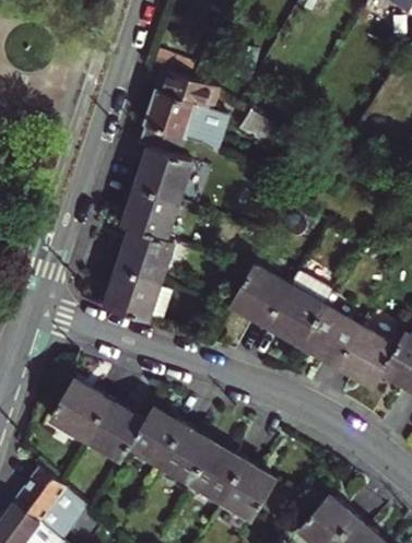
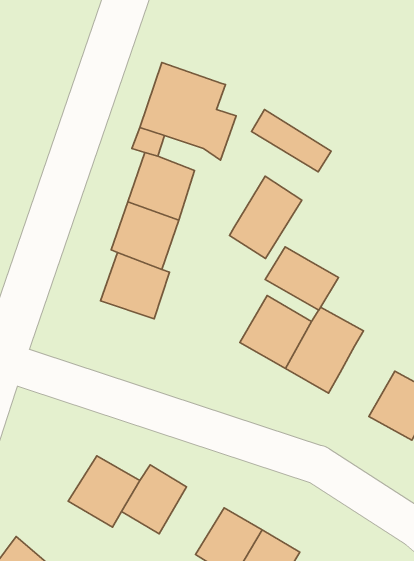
building: none -> [229,176,302,258]
building: none -> [265,247,339,310]
building: [99,270,158,327] -> none
building: [305,308,361,367] -> none
building: [51,379,110,438] -> none
building: [163,426,217,483] -> none

